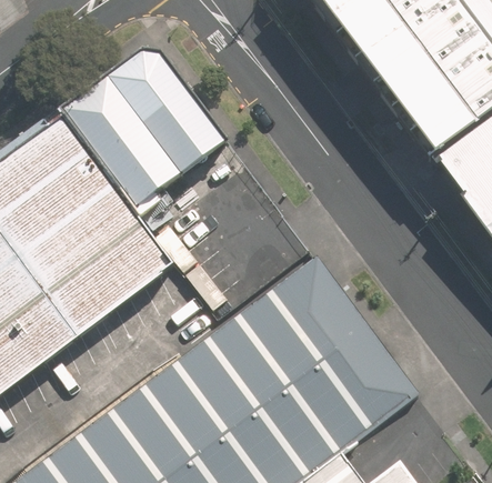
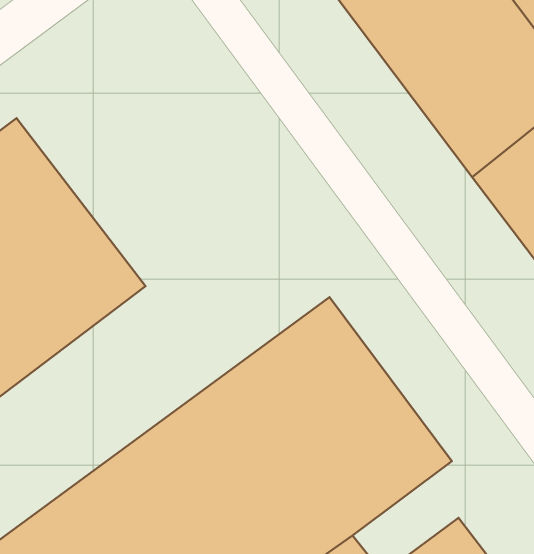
building: [59,50,224,208] -> none

